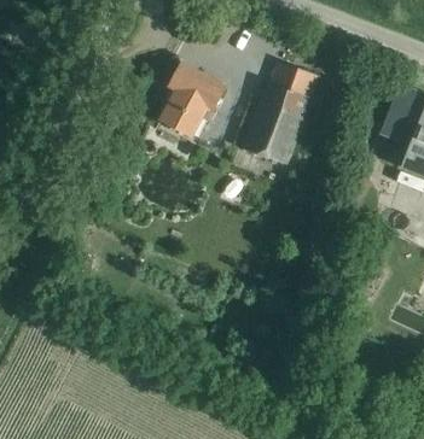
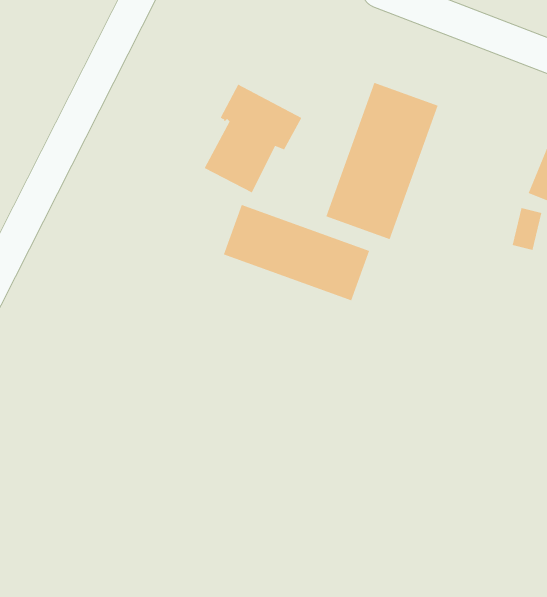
building: none -> [223,204,370,301]

